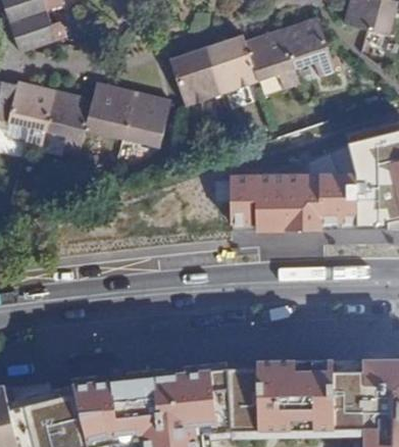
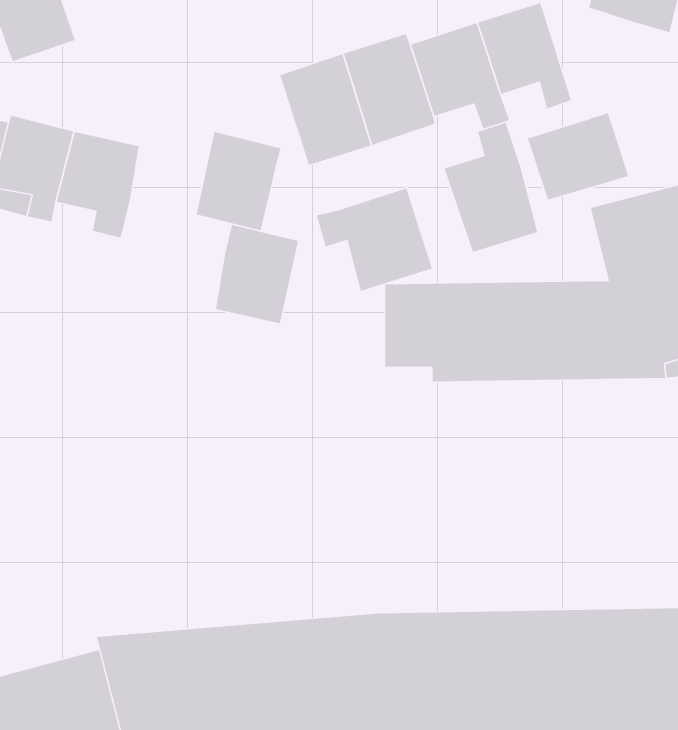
building: none -> [527,112,629,200]
building: [88,82,135,138] -> [215,224,299,324]
building: none -> [444,122,538,253]
building: none -> [316,188,433,292]

